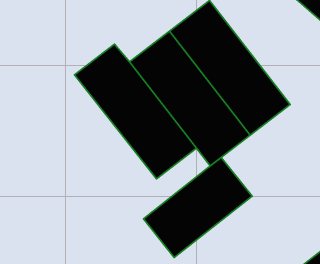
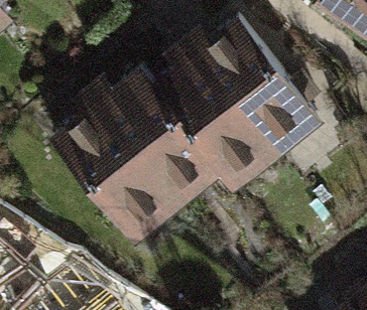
building: none -> [50,90,182,236]
building: [143,157,252,257] -> none

